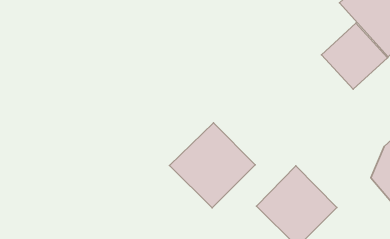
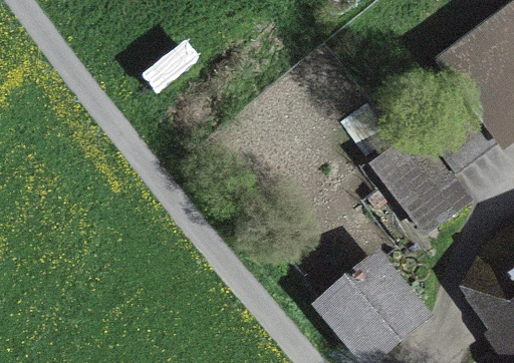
building: none -> [376,133,466,229]
building: [170,123,255,208] -> none

